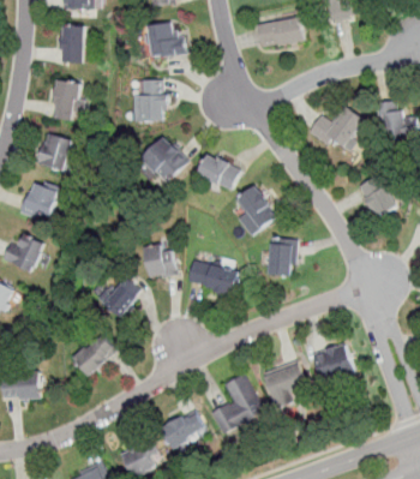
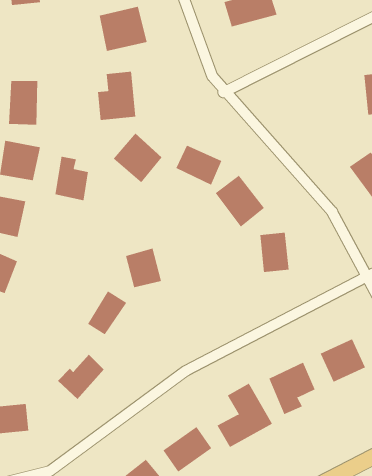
building: [59,24,83,60] -> none
building: [312,103,364,152] -> none
building: none -> [55,156,89,201]
building: [187,259,239,293] -> none

